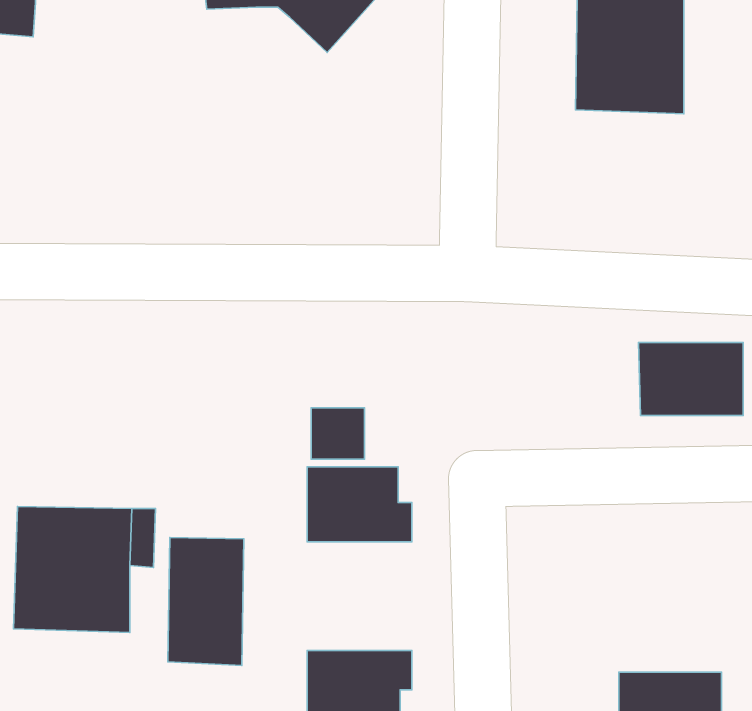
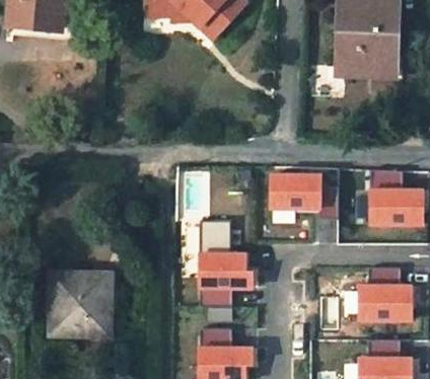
building: none -> [269,172,322,210]
building: none -> [358,284,412,321]
building: [168,538,244,665] -> none

